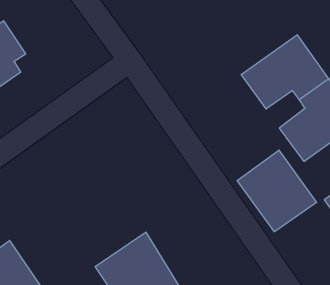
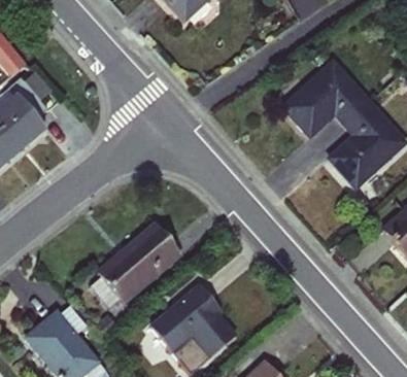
building: [237,150,317,232] -> none
building: none -> [89,222,183,309]

